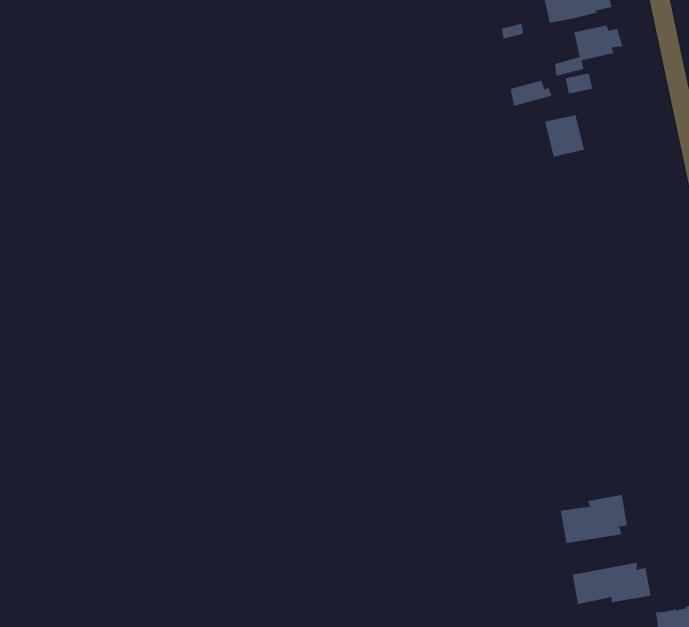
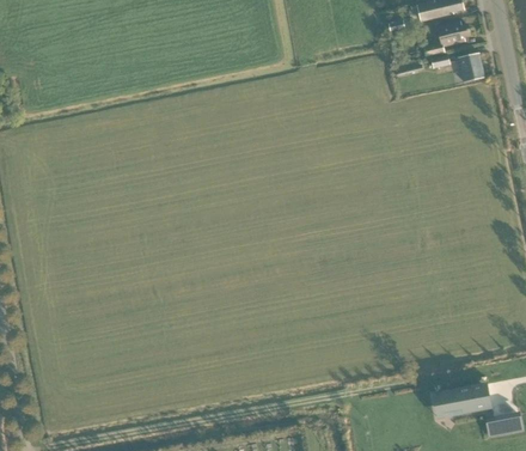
building: [544,114,585,157] -> [457,53,484,81]
building: [560,494,627,544] -> none

